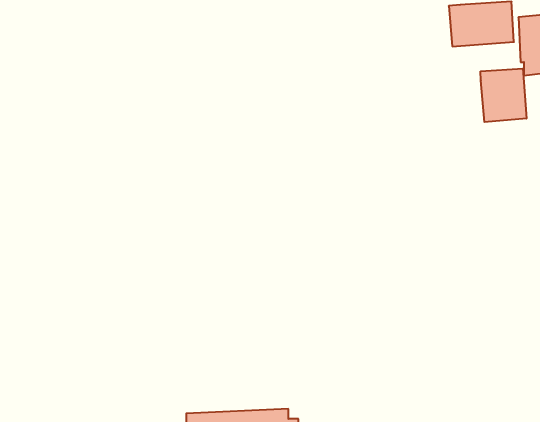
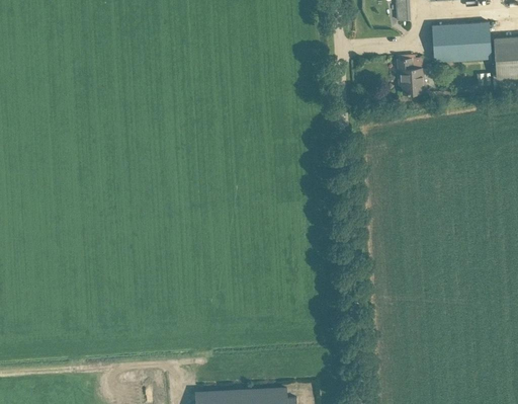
building: none -> [398,59,424,93]
building: [481,69,526,122] -> none

